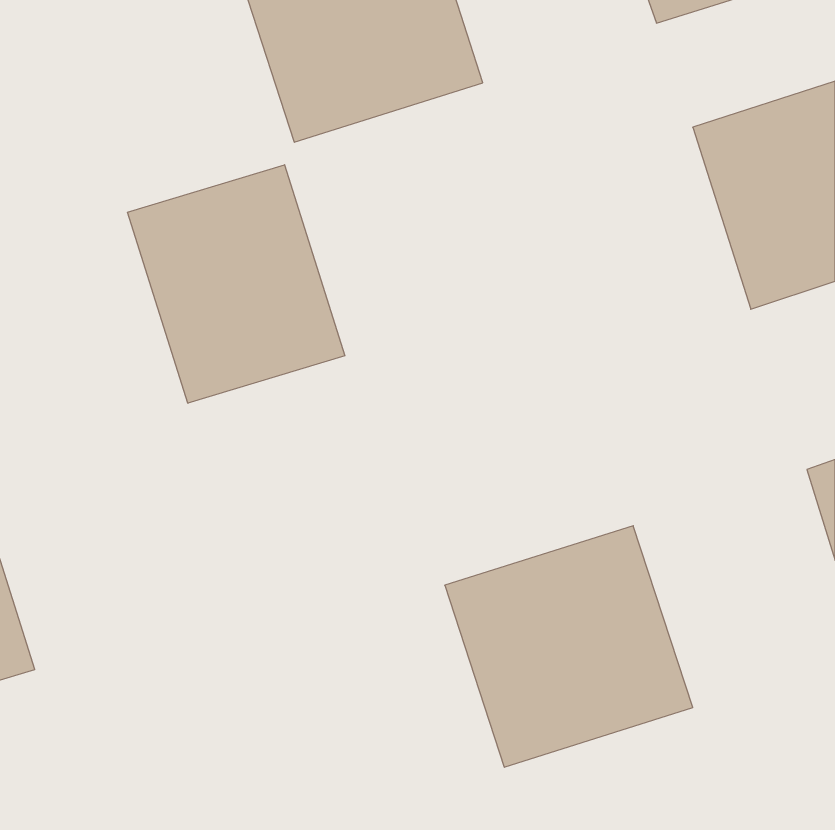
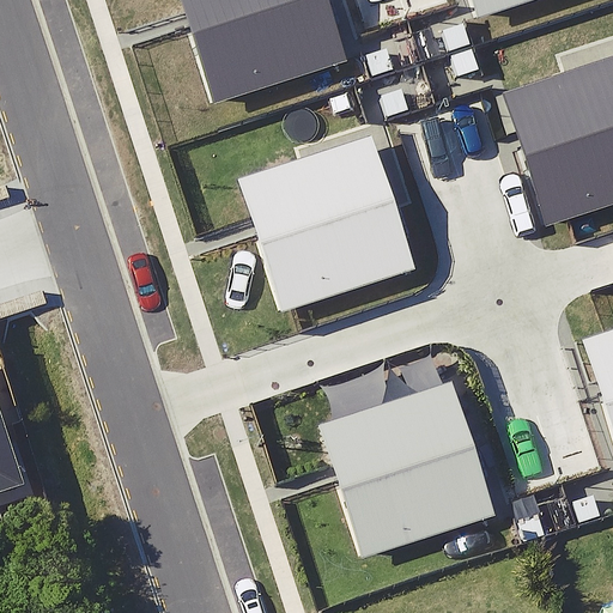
building: [128,165,345,403] -> none
building: none -> [239,135,418,310]

